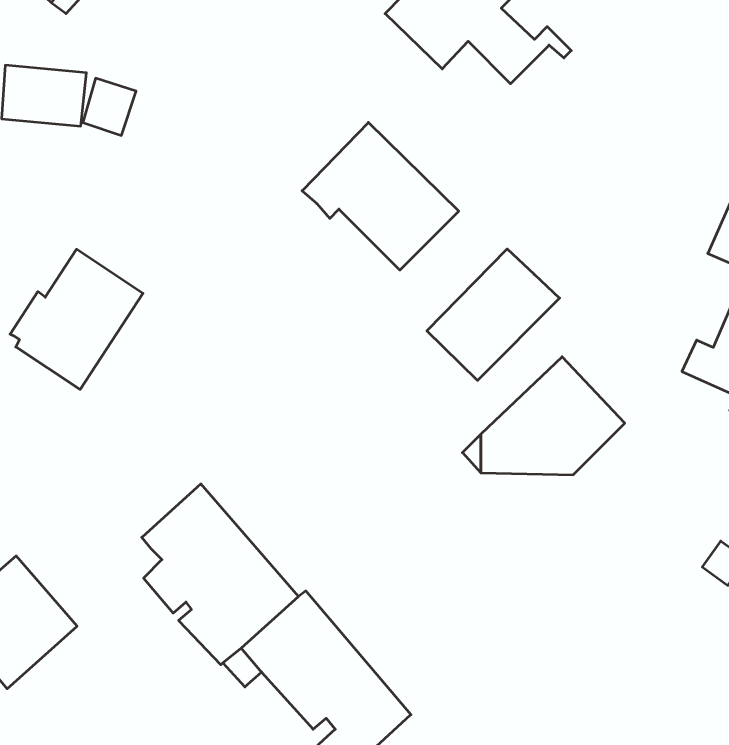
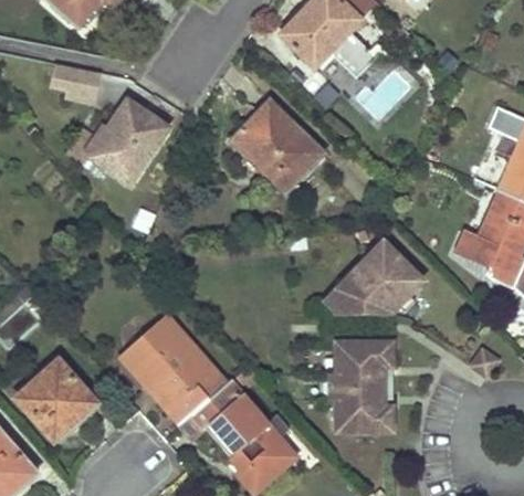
building: [427,249,560,380] -> none
building: [10,249,143,389] -> [90,98,169,182]
building: none -> [333,338,392,426]

